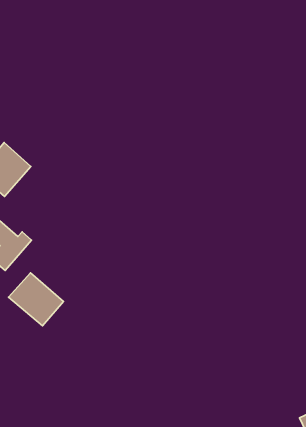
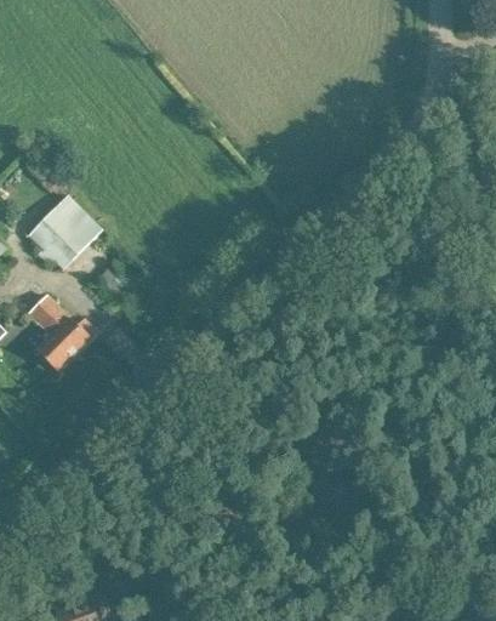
building: [9,273,64,326] -> none

